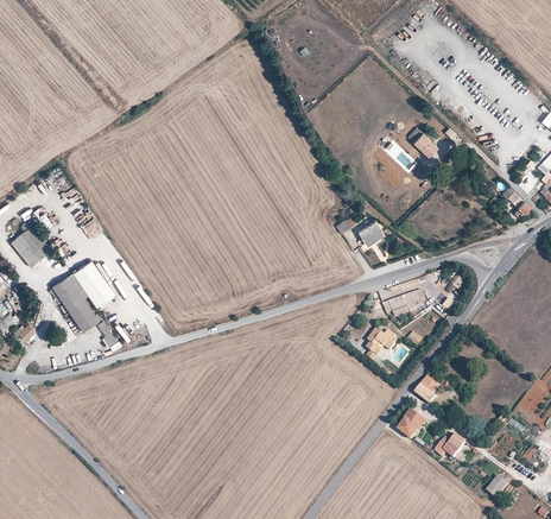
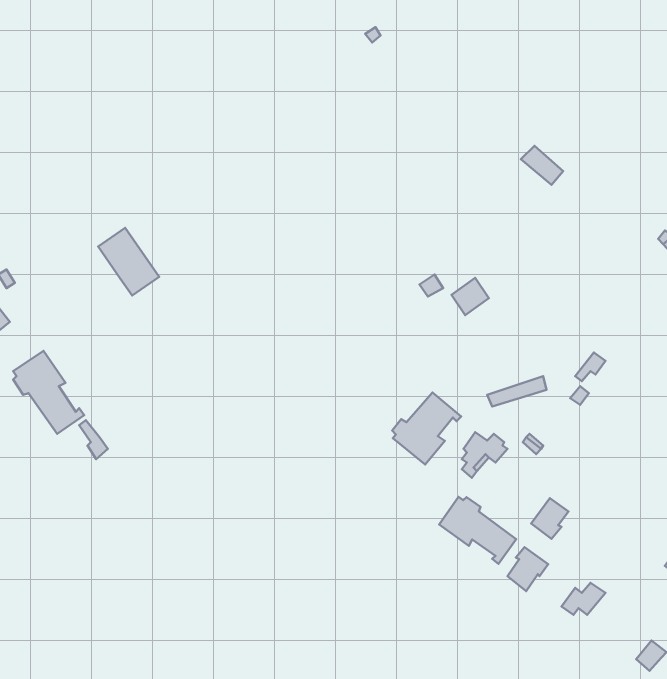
building: [71,258,114,305] -> [98,228,159,296]
building: none -> [392,392,461,465]
building: none -> [439,497,516,564]

